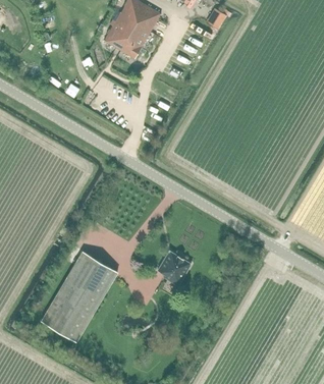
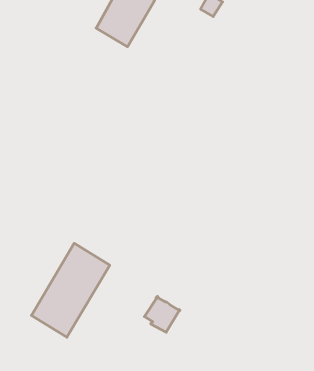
building: [157,251,192,285] -> [144,297,180,332]

